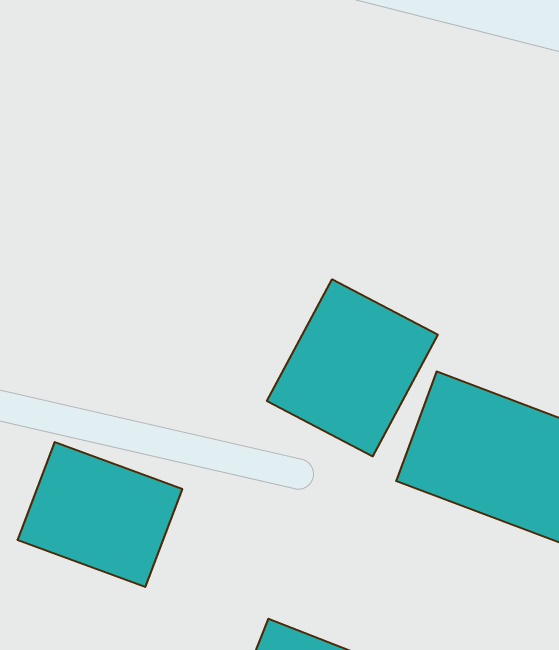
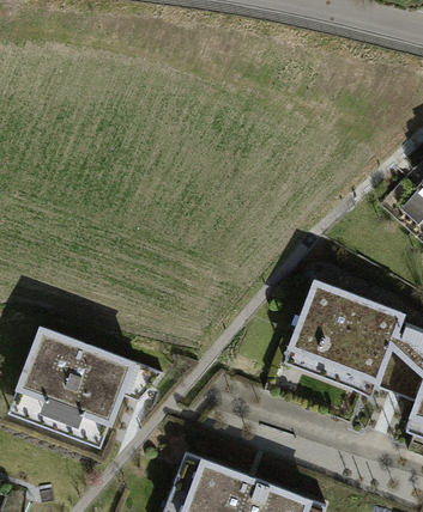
building: [267,279,438,456] -> none

